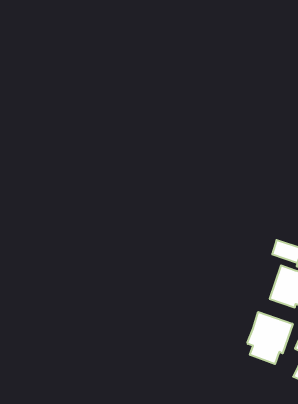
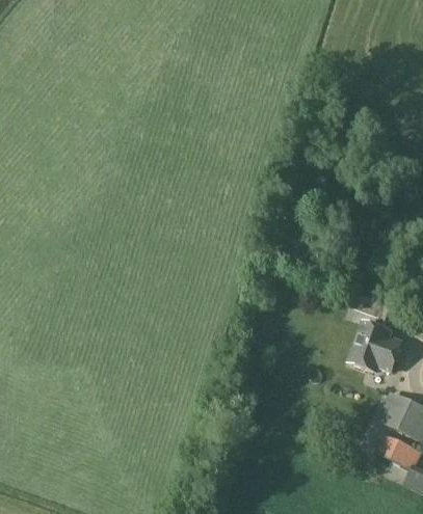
building: [248,312,293,364] -> none

